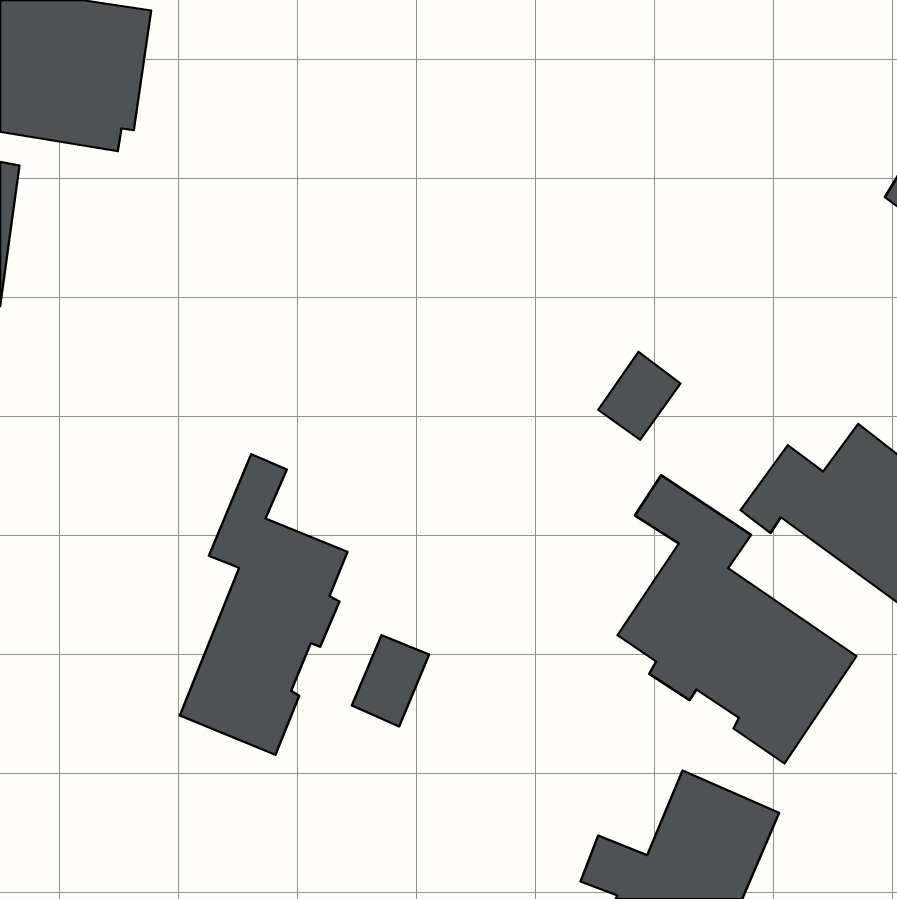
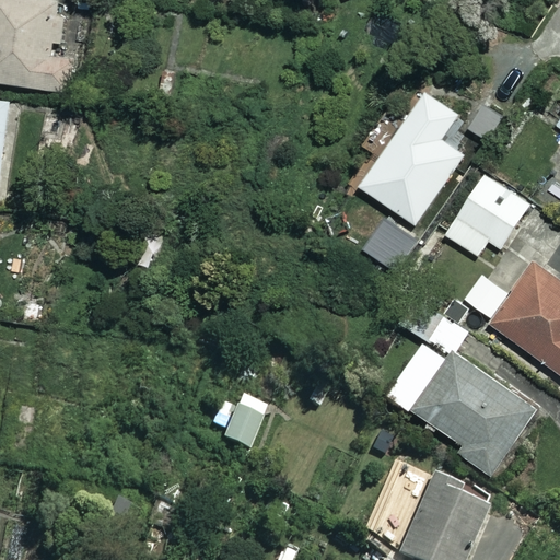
building: none -> [359,92,464,225]
building: none -> [444,174,528,255]
building: [180,454,347,755] -> none

